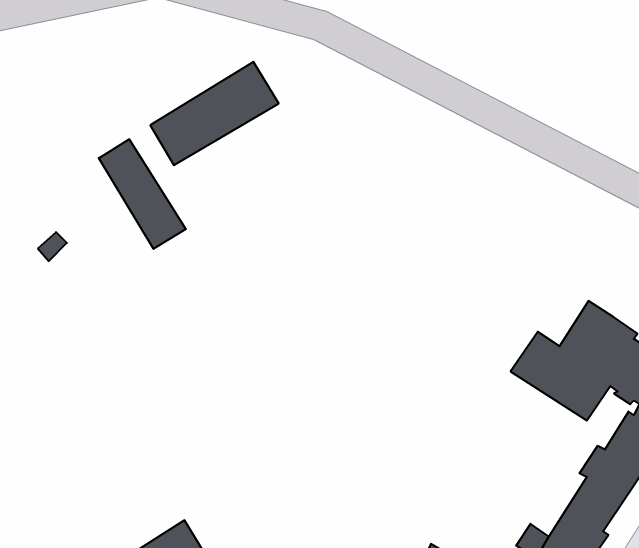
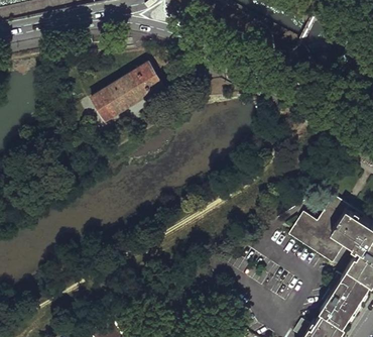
building: [99,139,186,249] -> none

